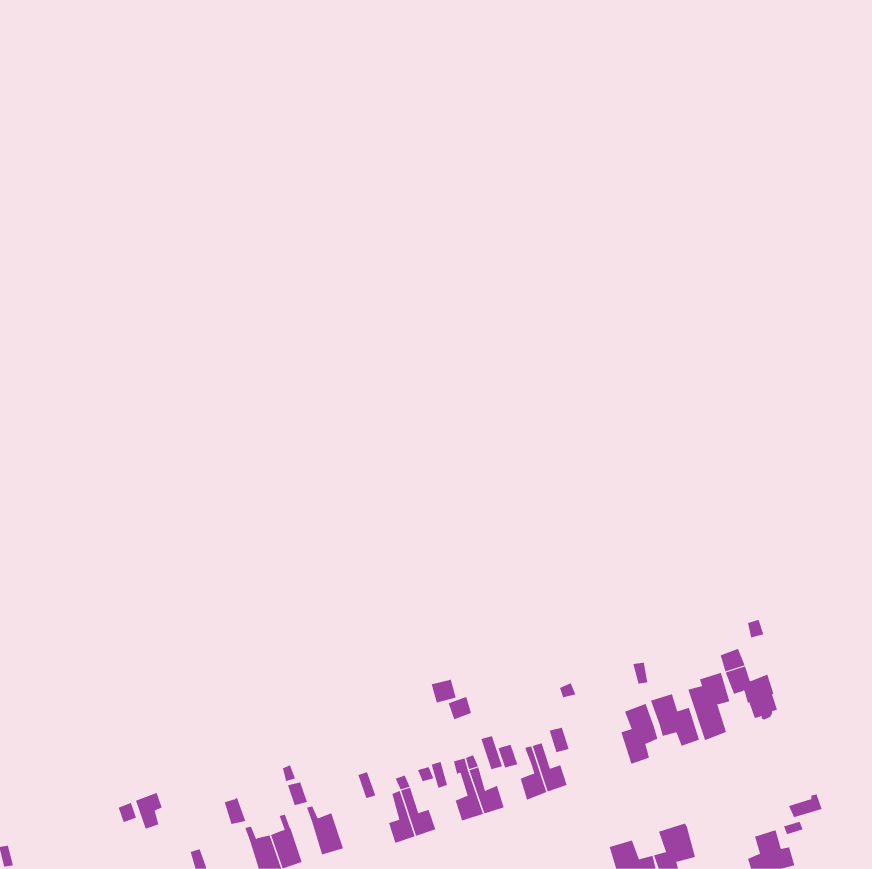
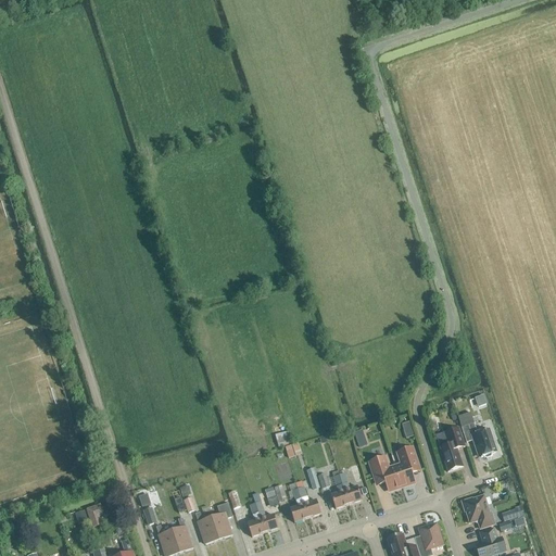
building: [650,694,700,747] -> [369,456,401,490]
building: none -> [462,495,494,528]
building: none -> [211,502,232,539]

